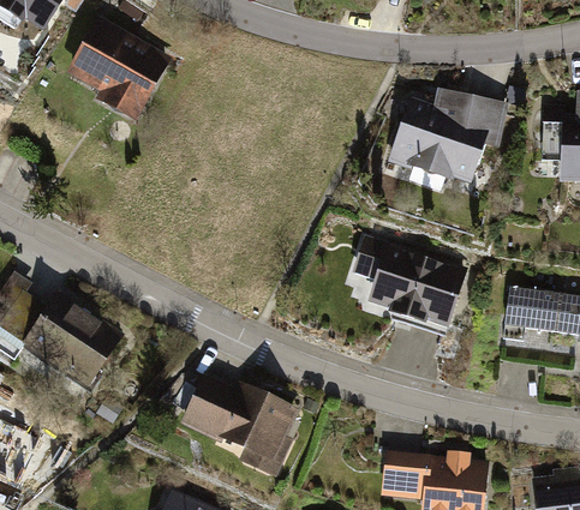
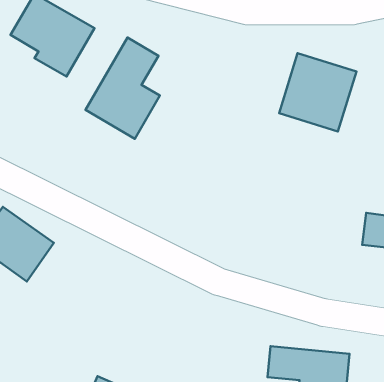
building: none -> [85,38,160,139]
building: [363,242,464,330] -> none
building: [185,378,295,476] -> none

